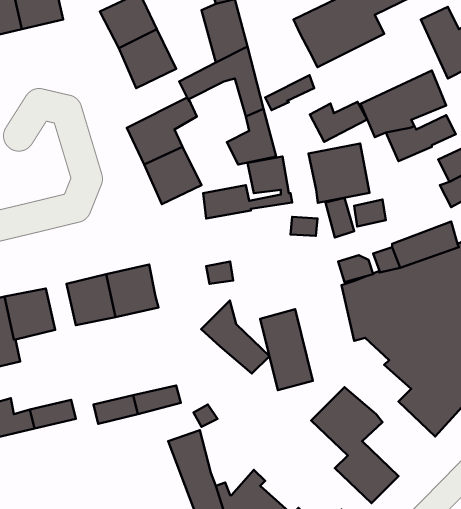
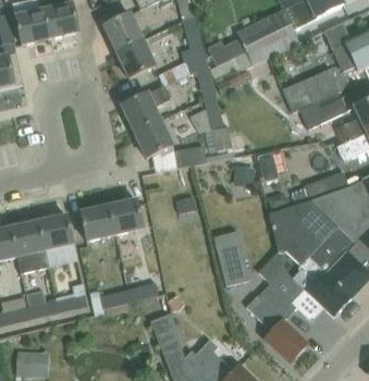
building: [310,102,367,142] -> [208,41,247,69]
building: [308,144,370,203] -> none
building: [201,300,269,374] -> [258,251,305,302]

